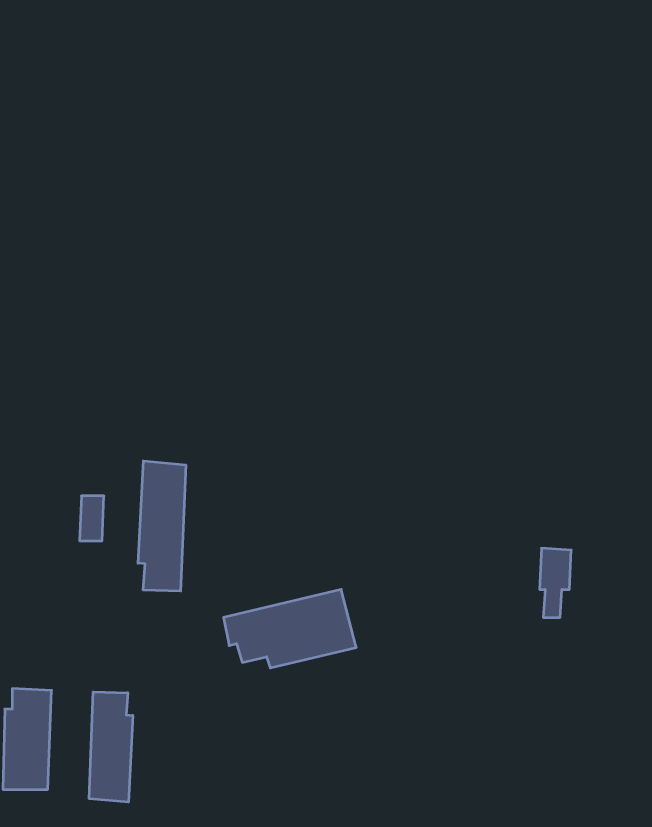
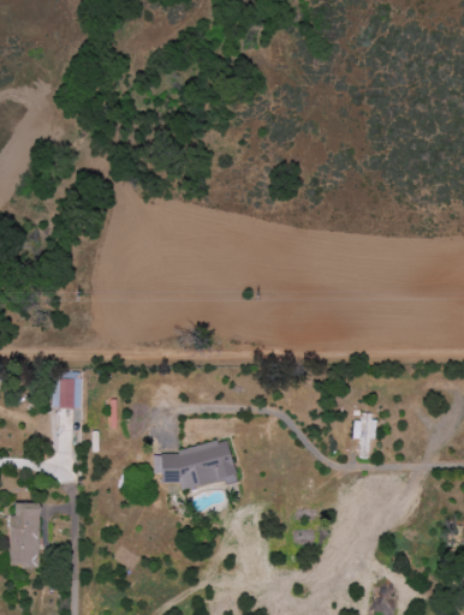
building: [138,461,186,591] -> none
building: [89,692,133,802] -> none

